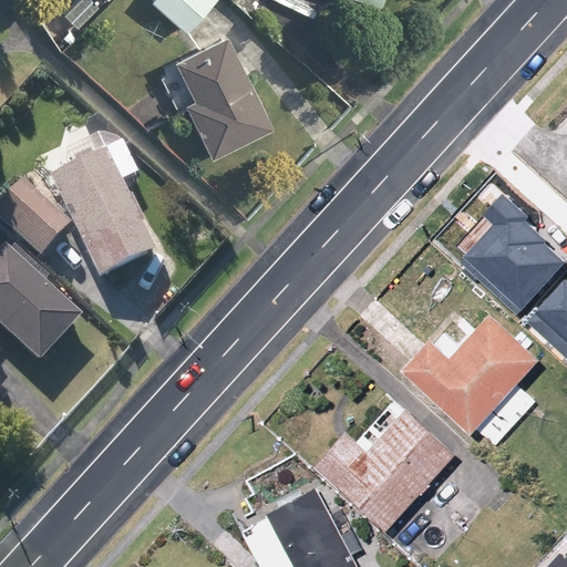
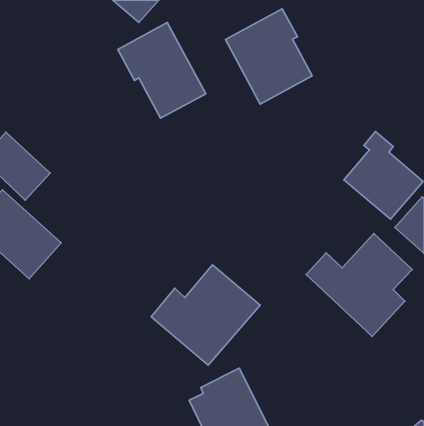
building: none -> [225,9,312,104]
building: [49,150,153,286] -> none
building: [313,399,457,532] -> [151,265,260,365]

